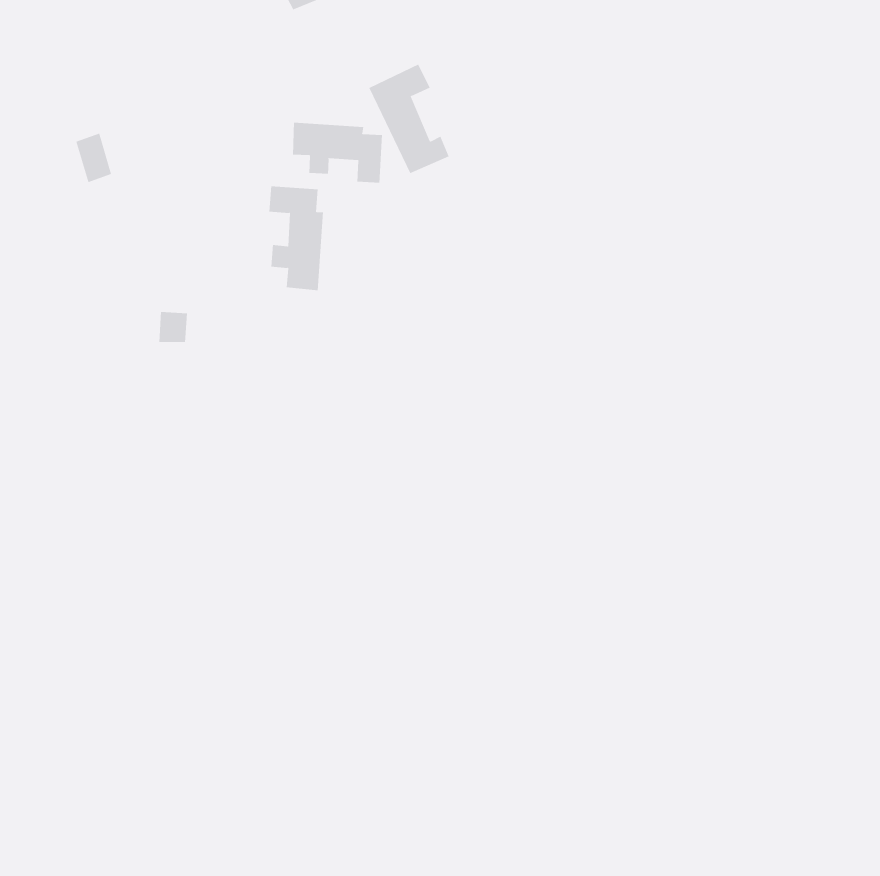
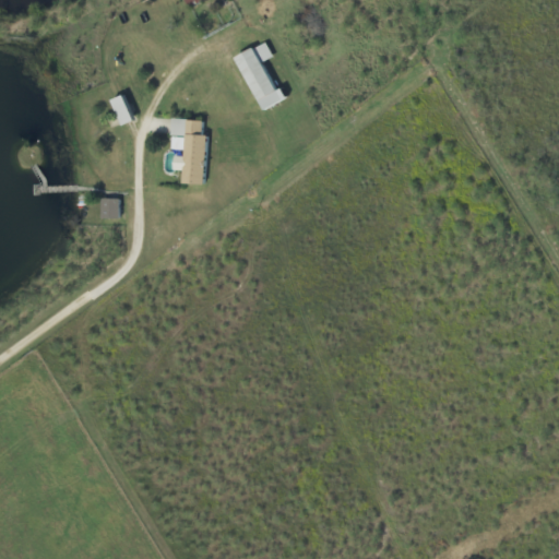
building: [293,122,383,184] -> none
building: [76,133,112,183] -> [111,93,134,124]

